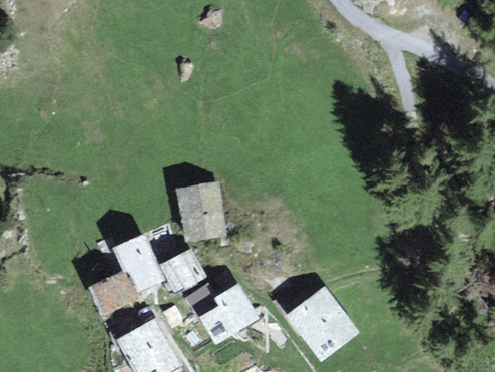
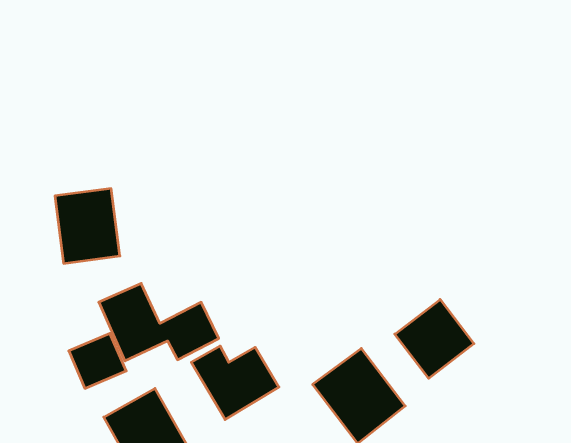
building: [177,180,229,241] -> [55,189,120,263]
building: none -> [395,299,474,378]

